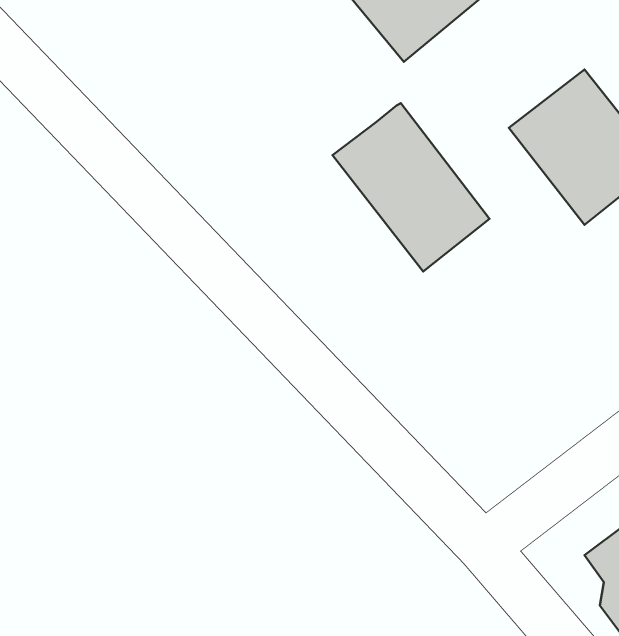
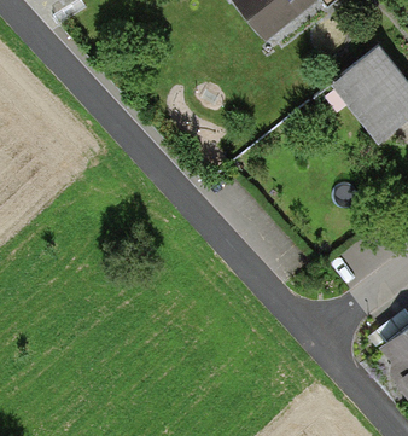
building: [333,103,490,271] -> none

